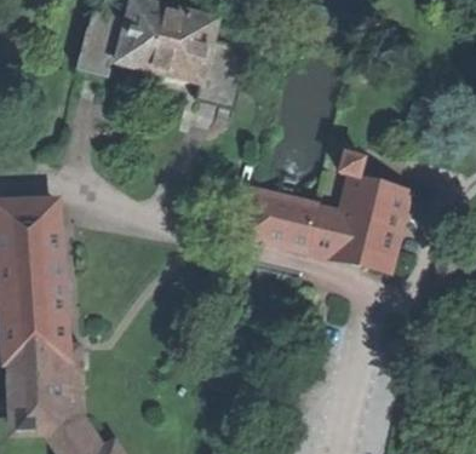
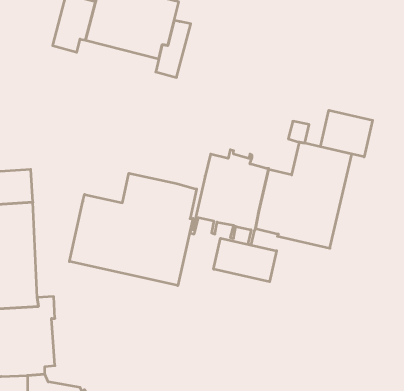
building: none -> [320,110,373,157]
building: none -> [69,173,197,286]
building: none -> [214,238,277,282]

